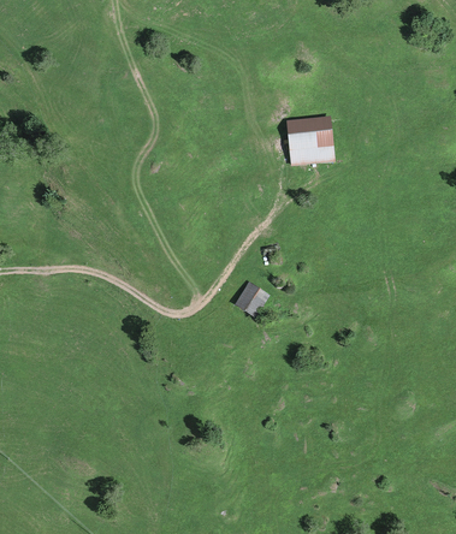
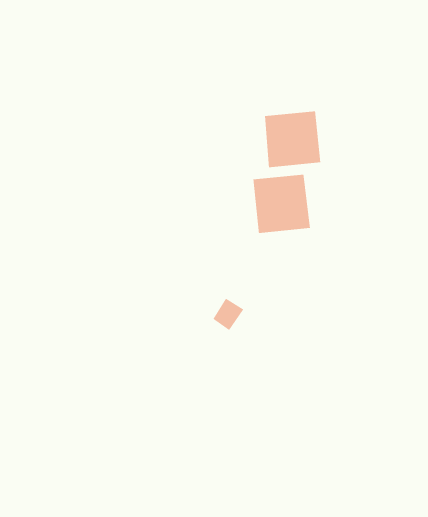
building: none -> [253,174,311,234]

